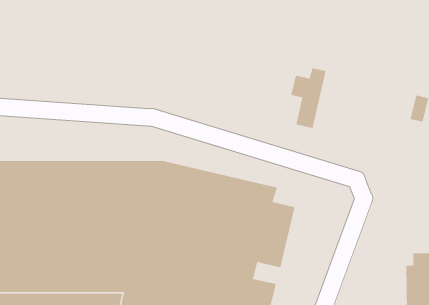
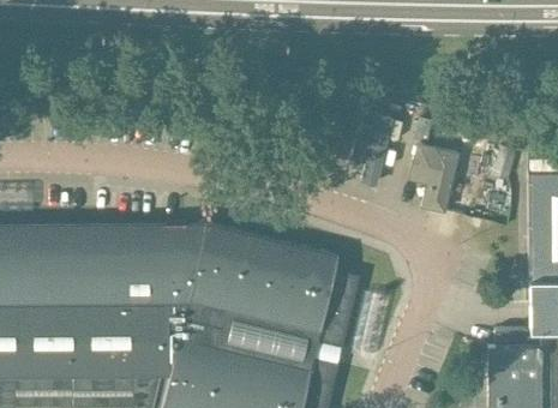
building: none -> [412,139,462,215]

